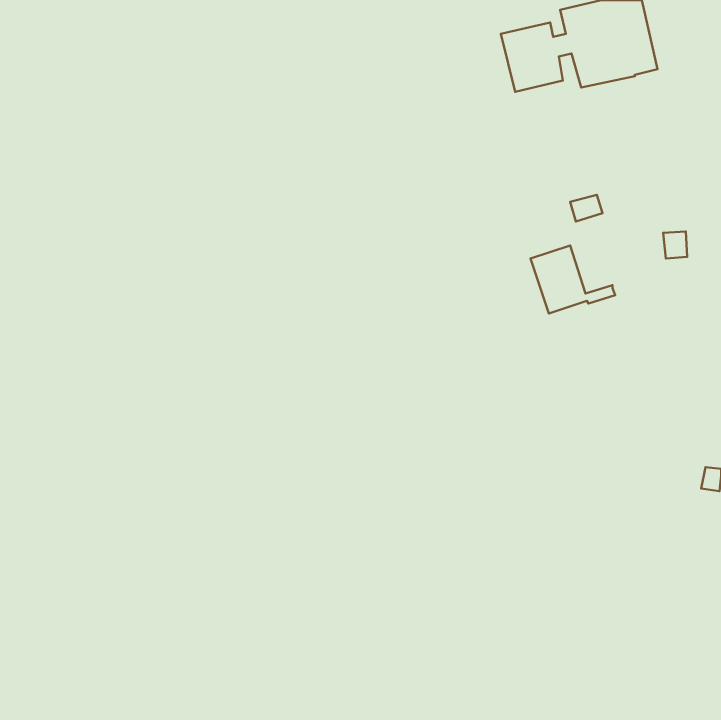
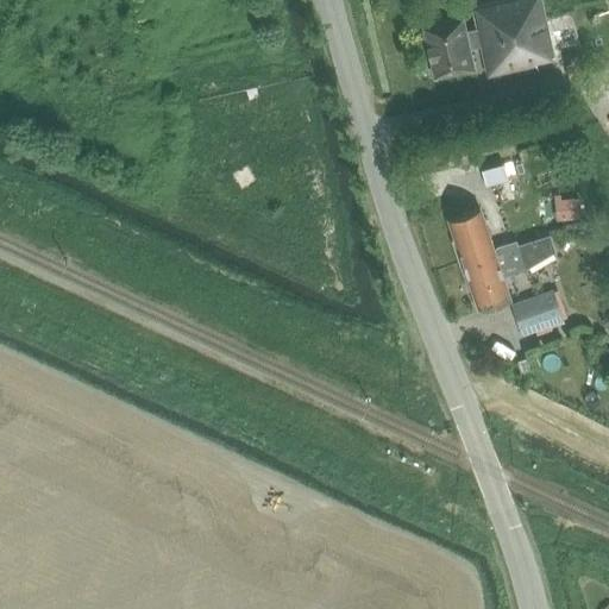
building: none -> [463,233,554,310]
building: none -> [510,293,567,338]

